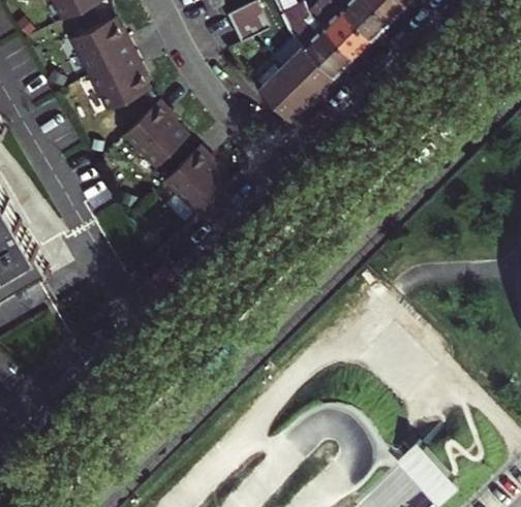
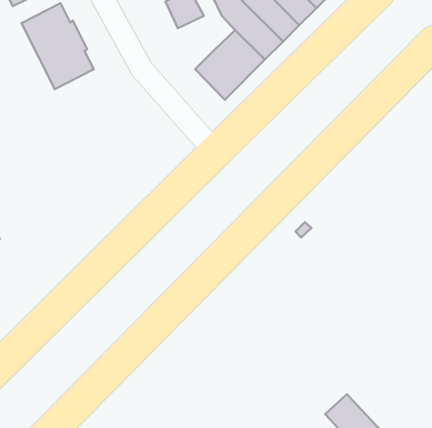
building: [123,96,190,167] -> none
building: [162,142,231,214] -> none

